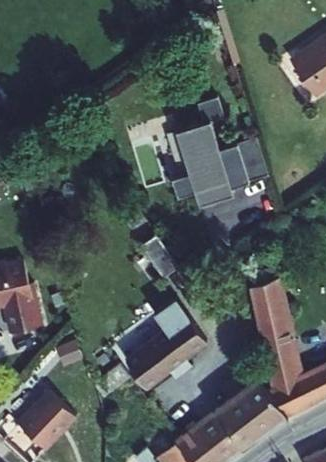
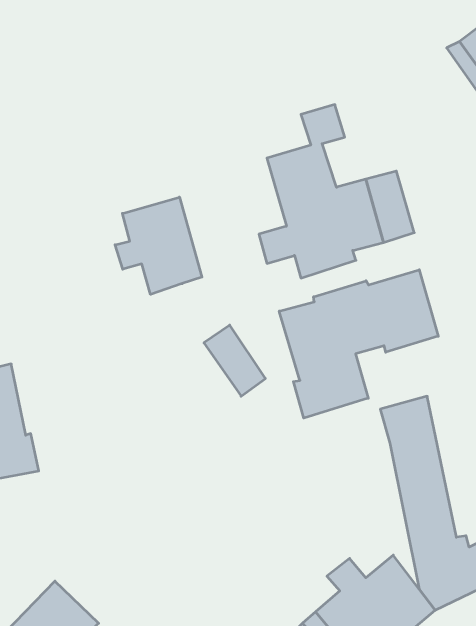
building: none -> [115,197,202,294]
building: none -> [279,270,438,418]
building: [122,299,204,389] -> none

